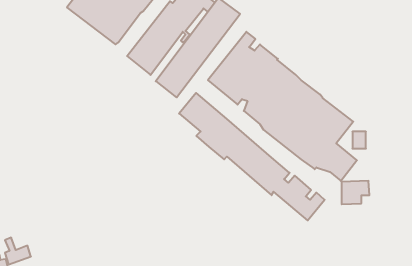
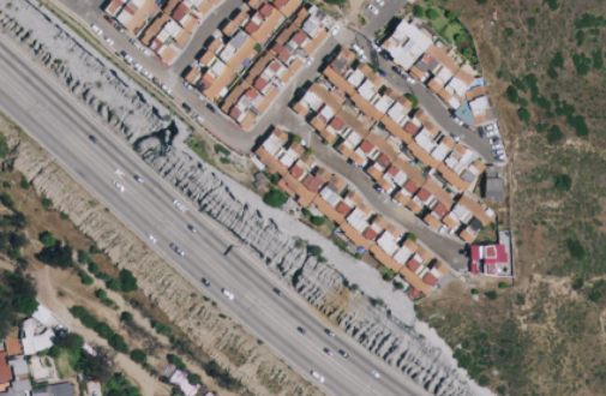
building: none -> [379,18,494,126]

